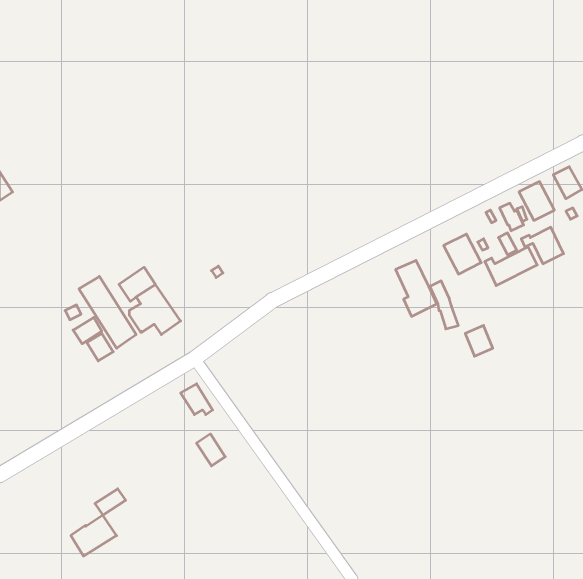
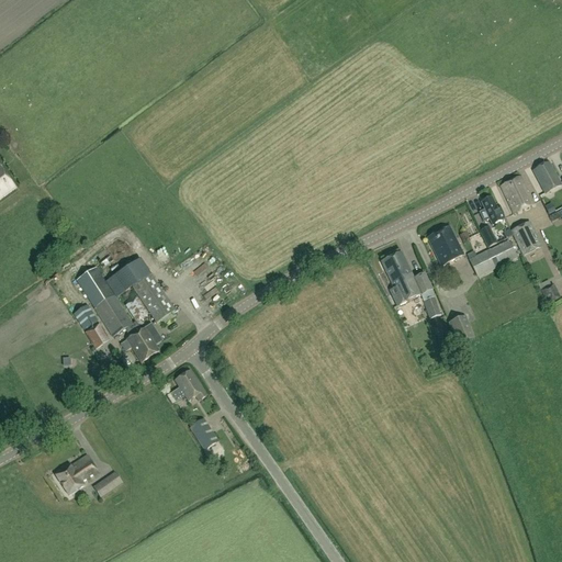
building: none -> [124,319,160,359]
building: [71,515,117,556] -> [55,453,99,493]

